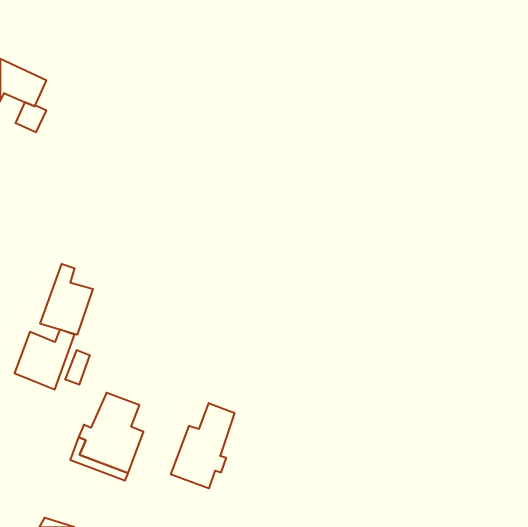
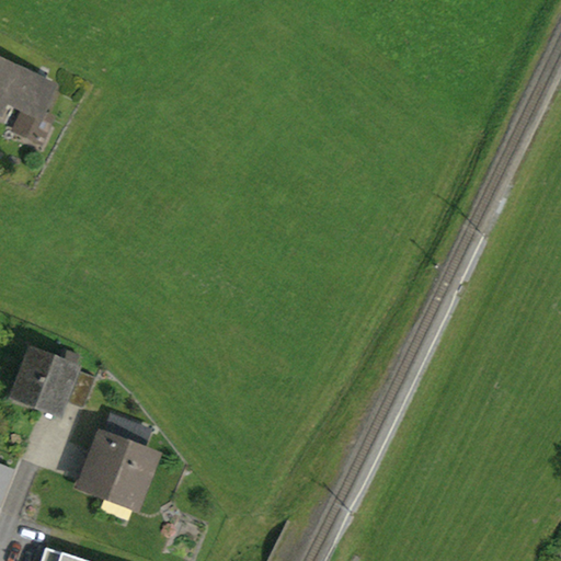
building: [40,264,93,335] -> none
building: [171,403,234,488] -> none

